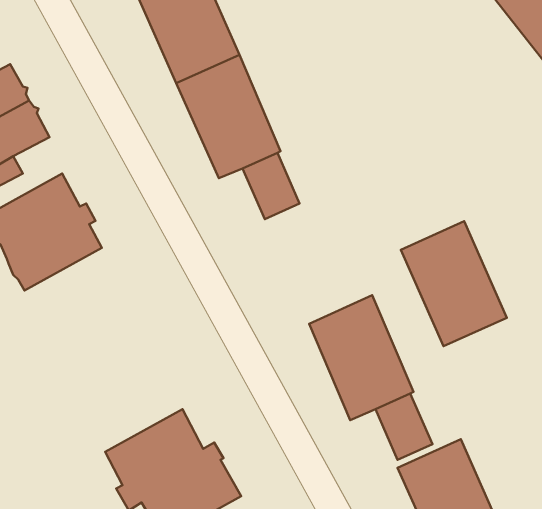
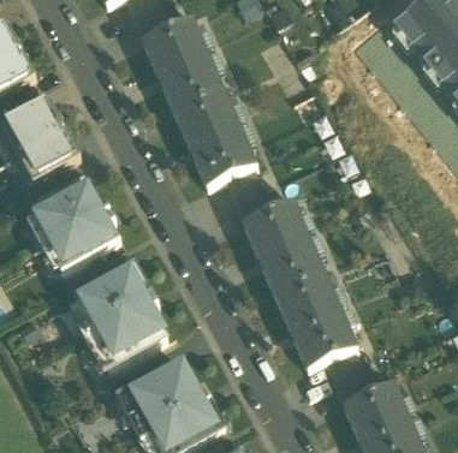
building: [401,221,507,346] -> [242,197,322,292]
building: none -> [72,260,163,364]

